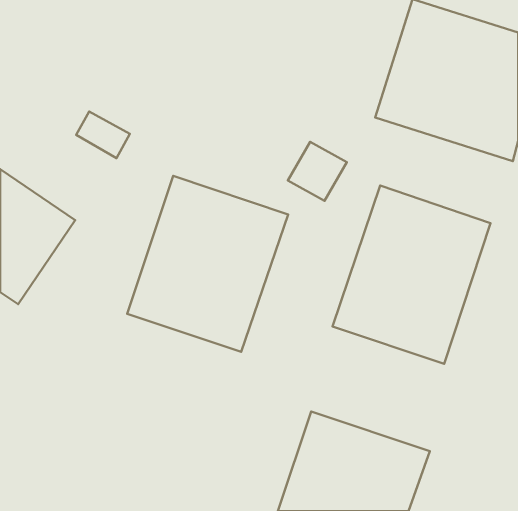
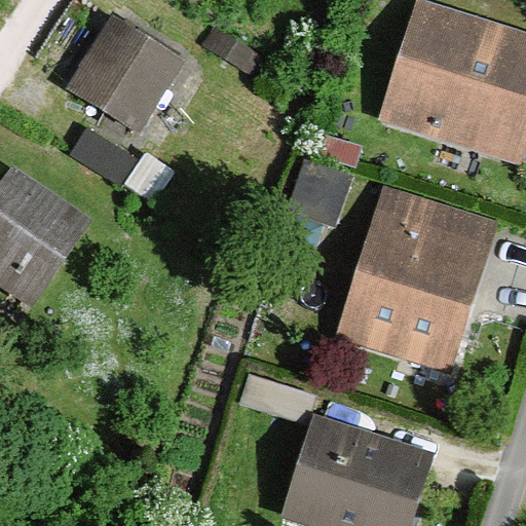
building: none -> [64,18,176,128]
building: [127,176,288,352] -> none

